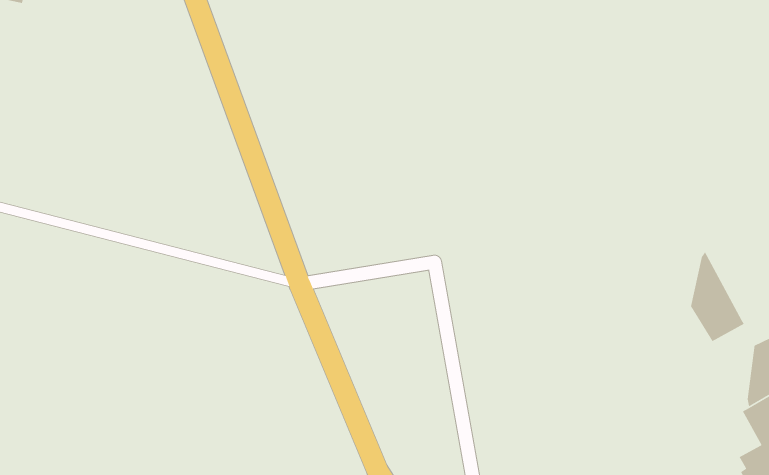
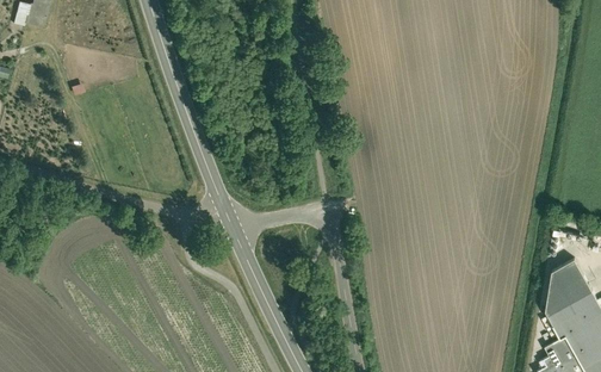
building: [690,251,745,342] -> none

